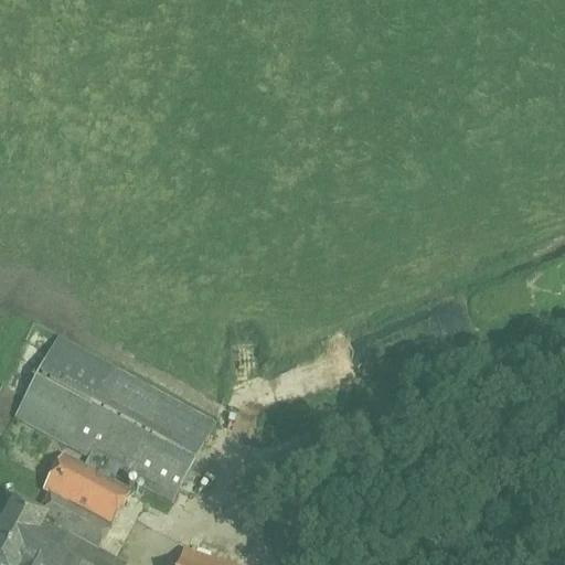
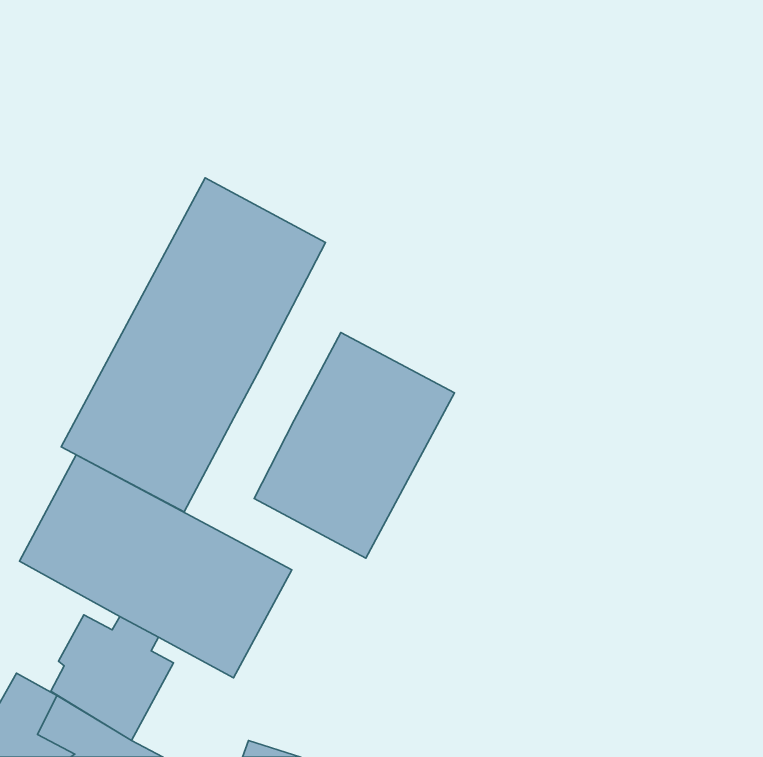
building: none -> [61,178,326,512]
building: none -> [254,333,454,558]

